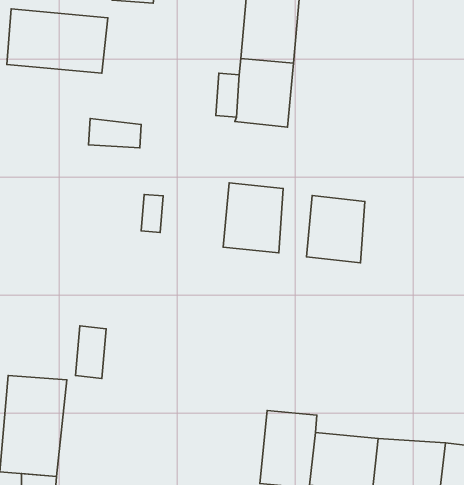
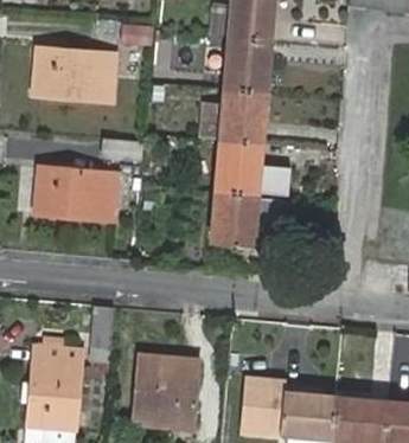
building: none -> [37,168,117,220]
building: [306,195,365,263] -> [215,140,262,194]
building: none -> [134,355,198,428]

